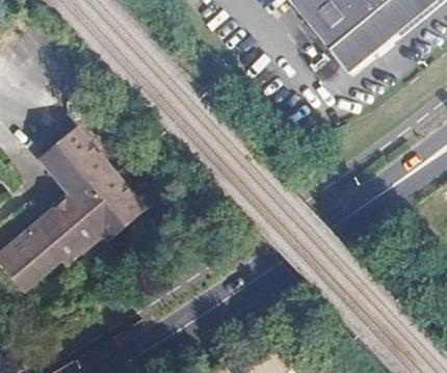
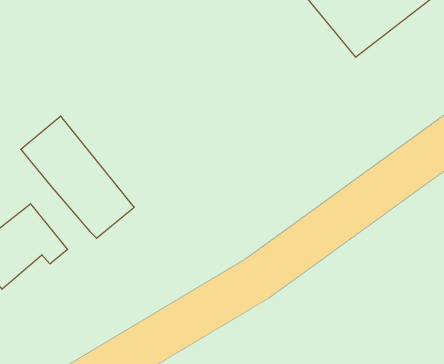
building: [46,191,101,249] -> none

